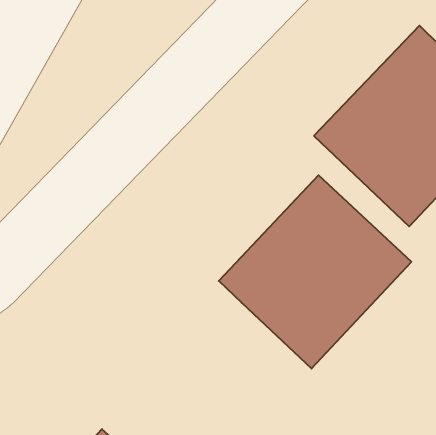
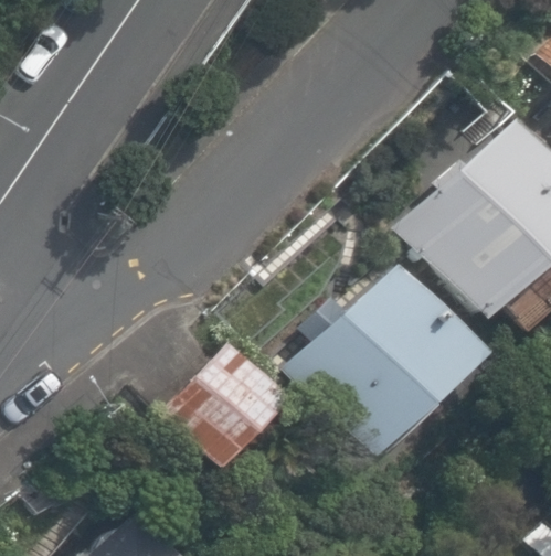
building: none -> [166,350,294,468]

